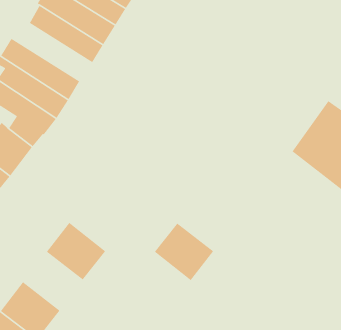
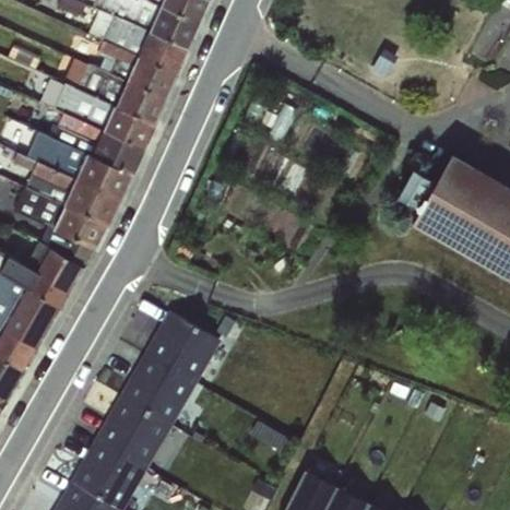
building: none -> [25,99,143,174]
building: [154,223,214,281] -> [143,313,220,386]
building: none -> [95,398,171,470]

